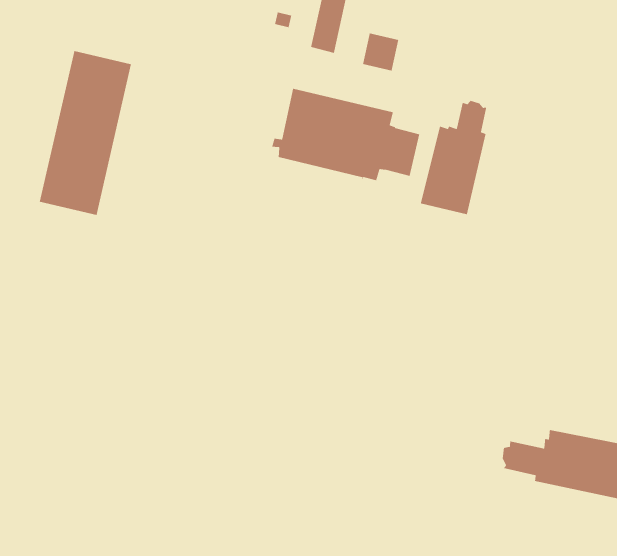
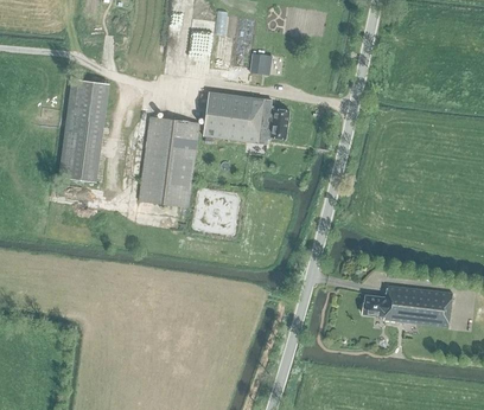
building: [420,100,487,215] -> none
building: none -> [139,116,199,207]

